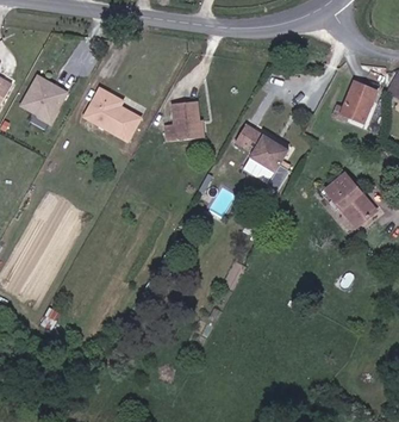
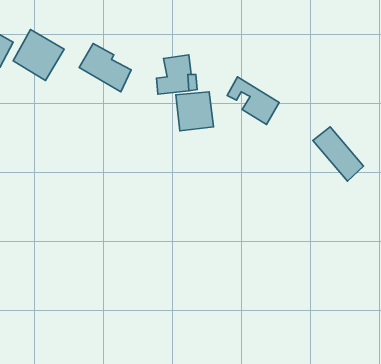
building: [342,82,379,124] -> none
building: none -> [176,92,214,131]

